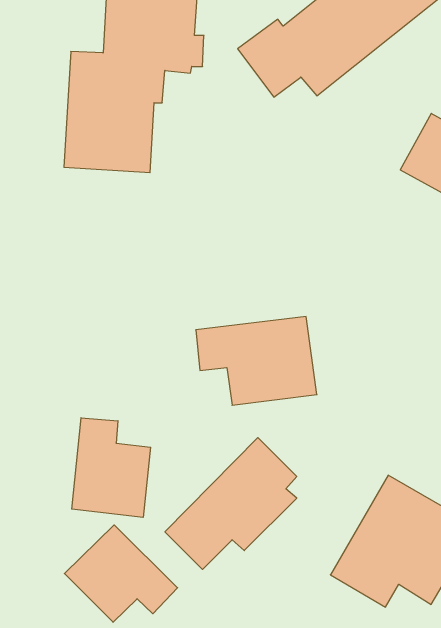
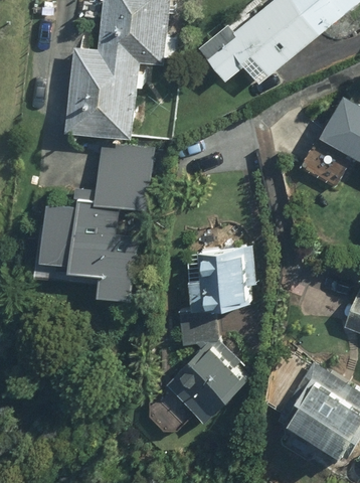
building: none -> [36,145,152,302]
building: [72,418,151,517] -> none
building: [64,525,178,622] -> none

